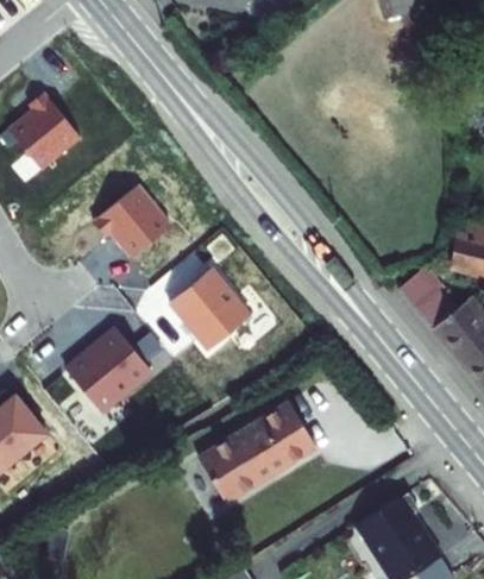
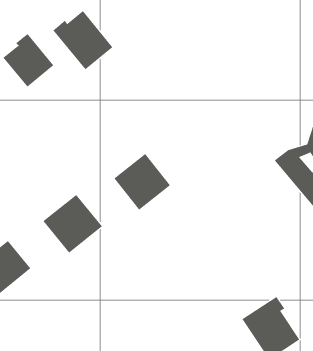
building: none -> [53,10,113,70]
building: [94,189,170,260] -> none
building: [208,389,327,487] -> none

